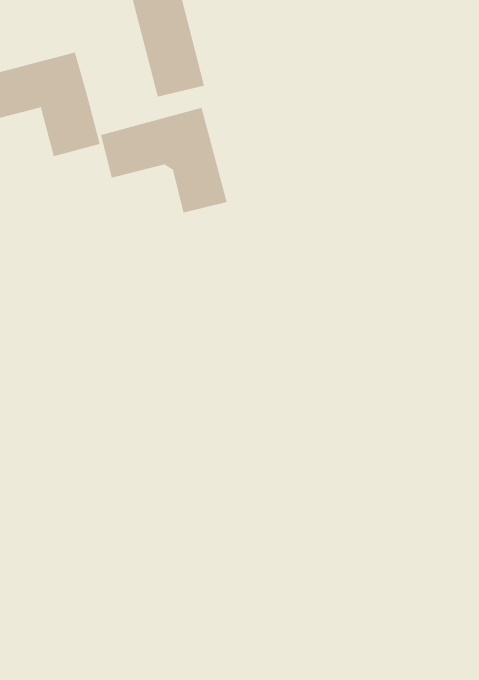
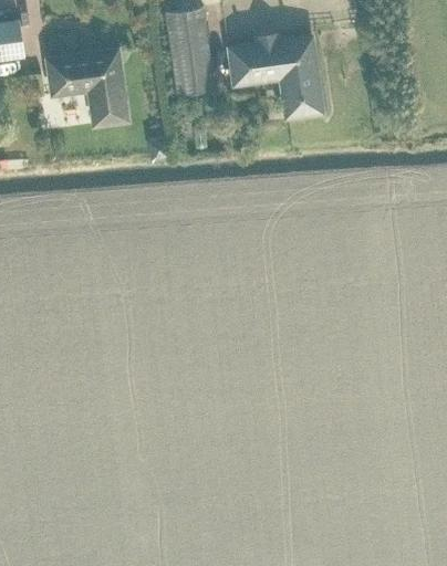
building: [100,107,228,213] -> [230,33,322,113]

